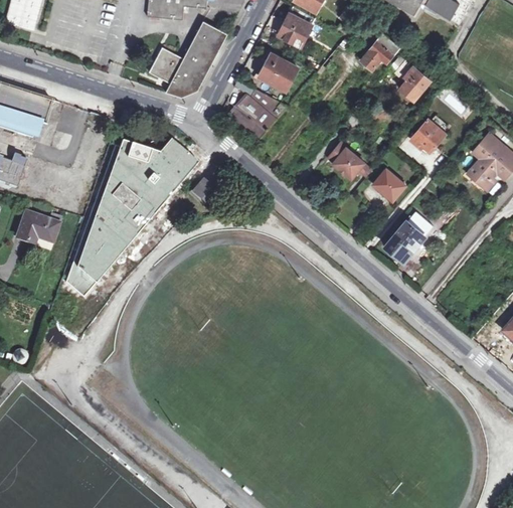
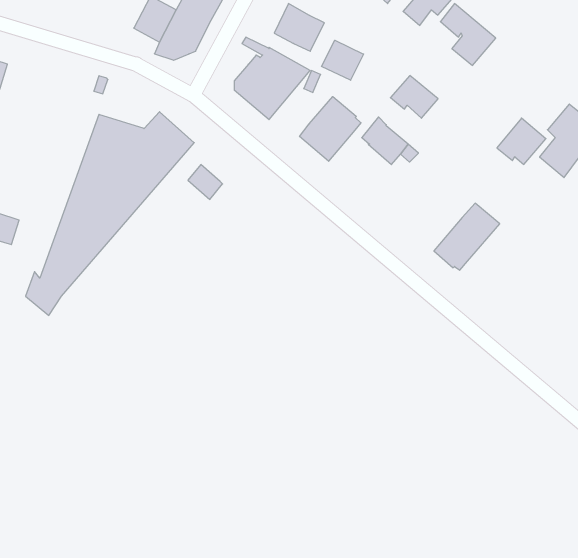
building: none -> [322,40,364,80]
building: [409,117,448,153] -> [497,118,546,164]
building: none -> [300,97,361,161]
building: [370,166,407,199] -> [390,76,438,118]

